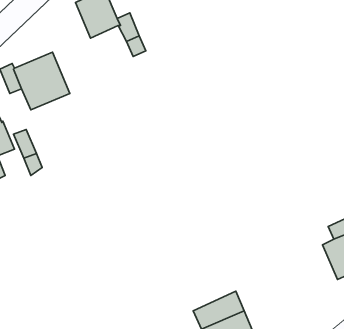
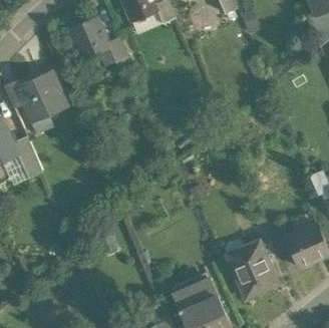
building: none -> [230,240,279,299]

